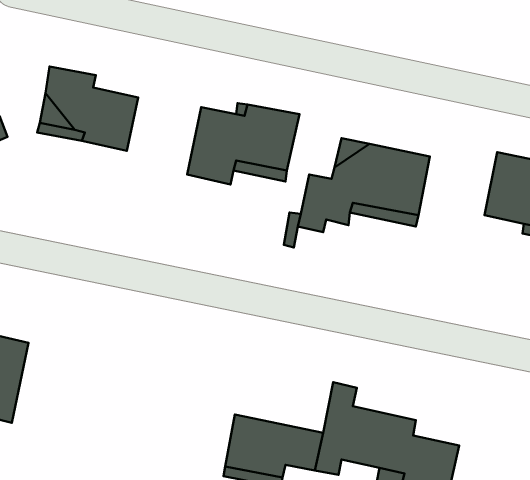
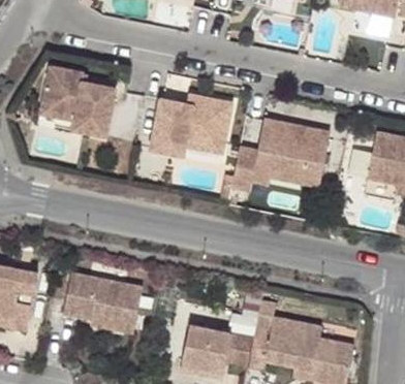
building: none -> [61,273,141,333]

